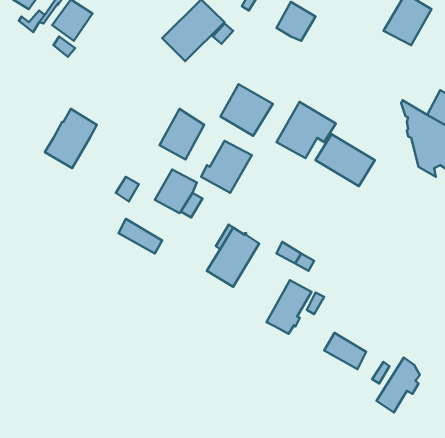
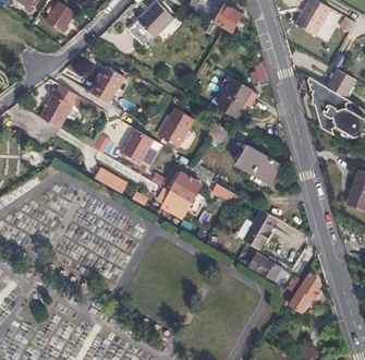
building: [221,84,273,136] -> none
building: [159,109,204,159] -> [90,64,124,103]
building: [315,134,375,186] -> [236,144,281,183]
building: [267,280,312,334] -> [243,208,277,249]

